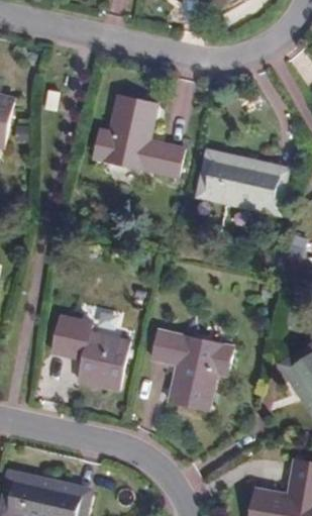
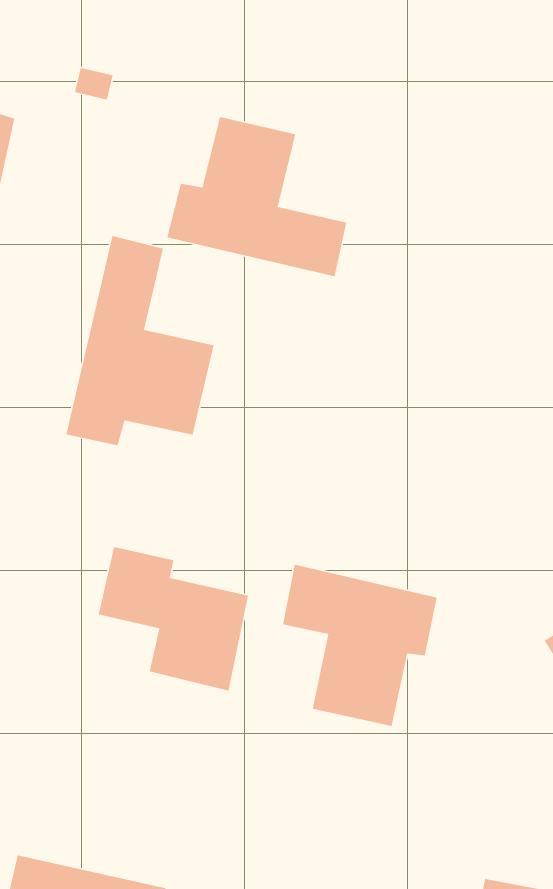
building: [199,156,284,213] -> none
building: none -> [65,235,214,446]

